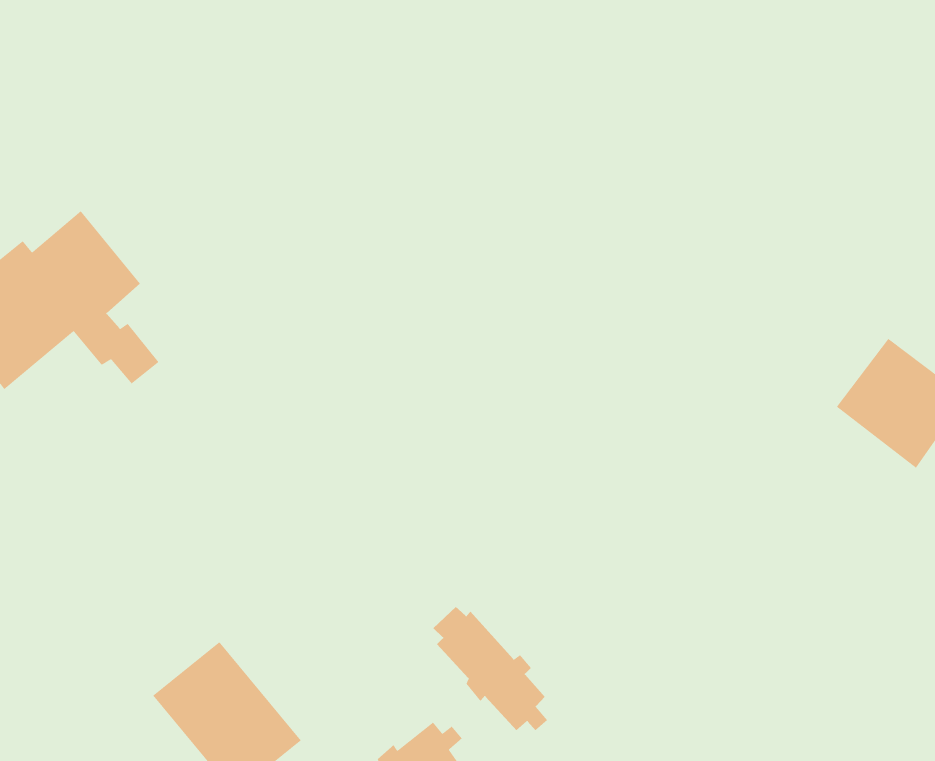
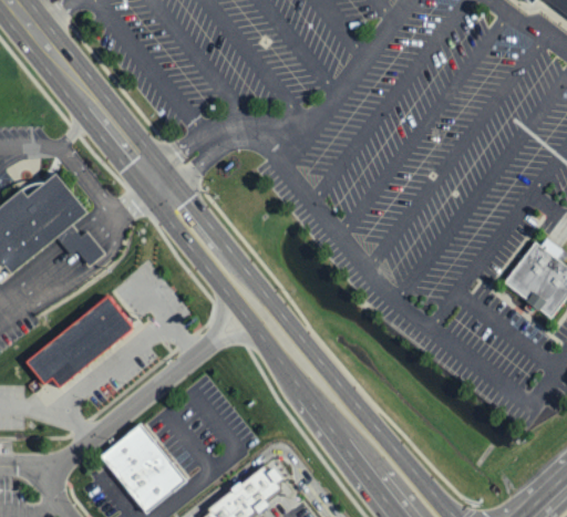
building: none -> [25,294,133,390]
building: [432,606,548,731] -> none

